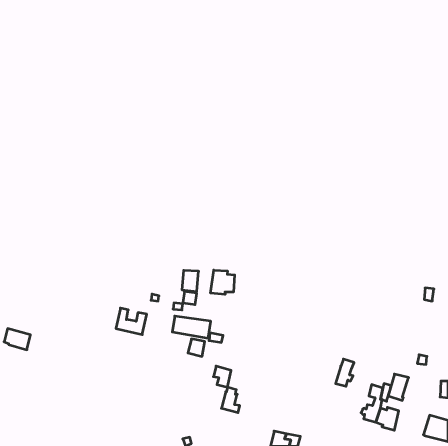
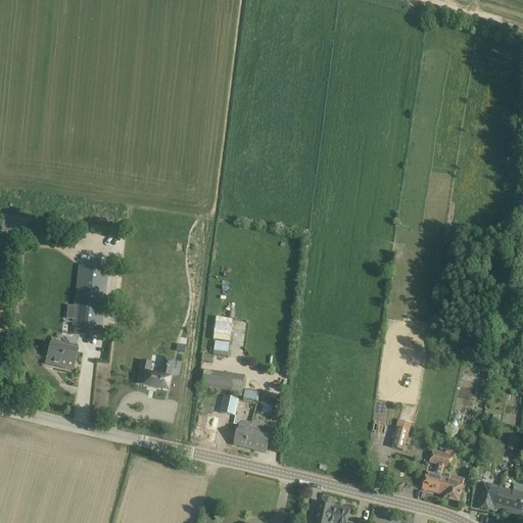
building: none -> [72,264,107,326]
building: [211,270,235,294] -> none
building: [4,329,30,350] -> [45,342,76,367]
building: [388,374,409,400] -> [476,479,500,510]
building: [221,387,240,413] -> [233,418,254,447]

